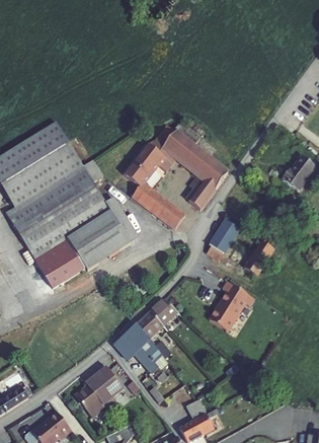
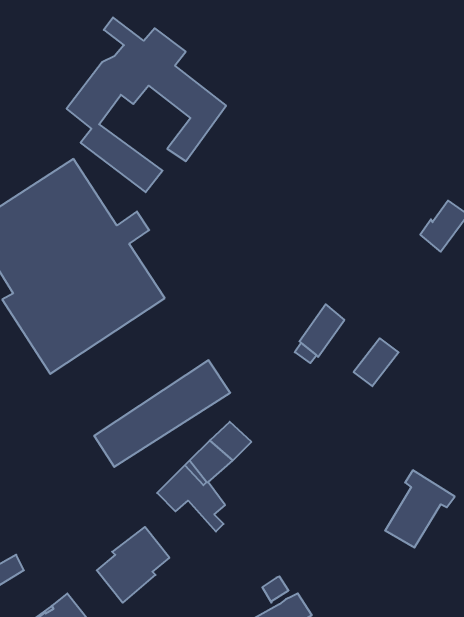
building: [123,114,227,228] -> [67,17,226,192]
building: [44,218,133,288] -> [94,360,230,467]
building: [208,281,253,331] -> [385,470,455,548]

